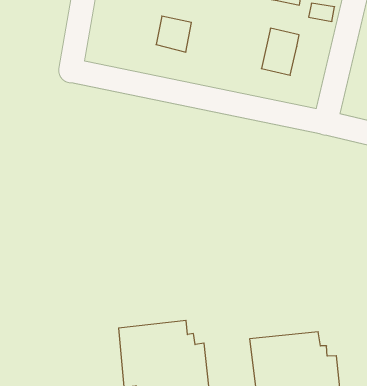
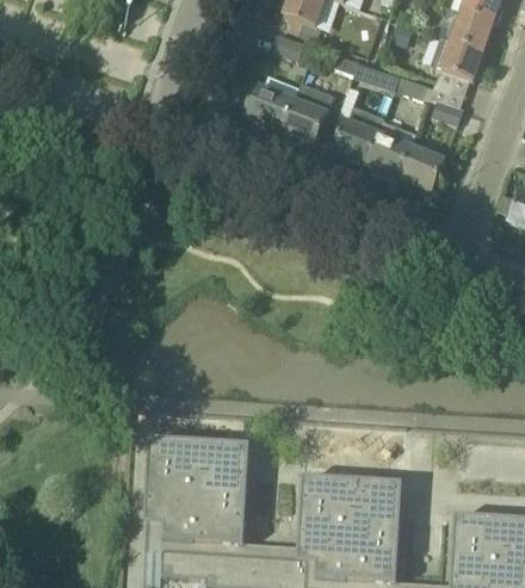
building: none -> [282,82,334,146]
building: none -> [333,105,385,166]
building: none -> [399,147,445,192]

